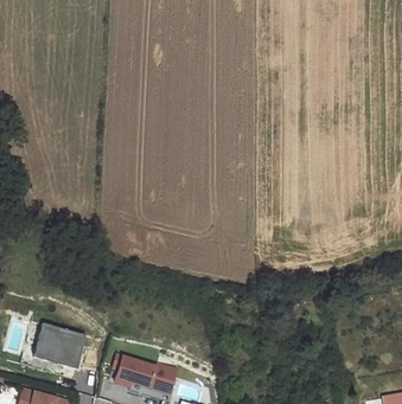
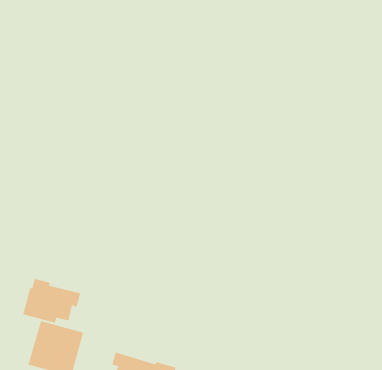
building: none -> [23,278,81,324]

